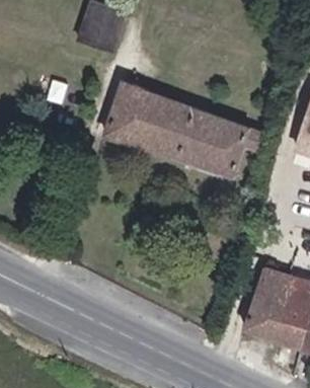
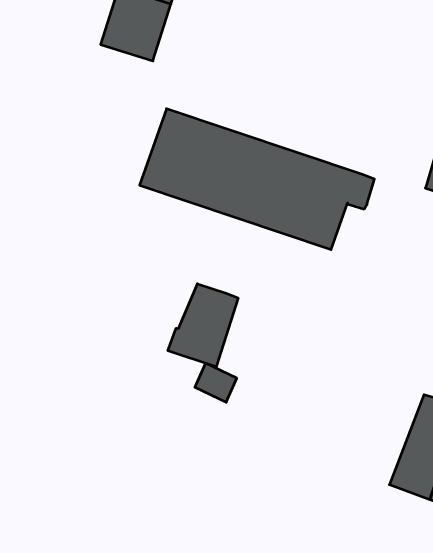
building: none -> [168,284,238,367]
building: [244,267,297,338] -> none

